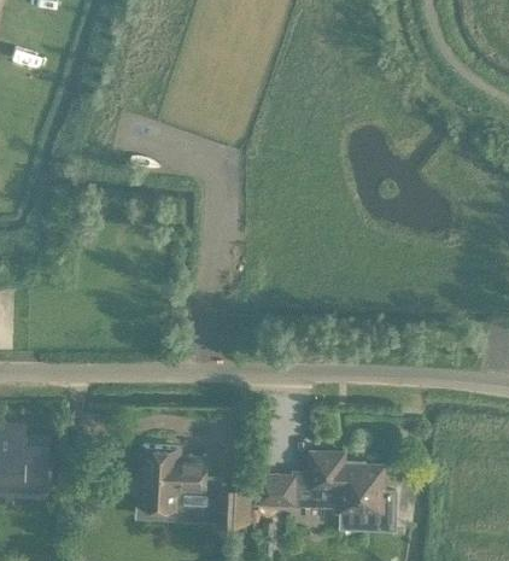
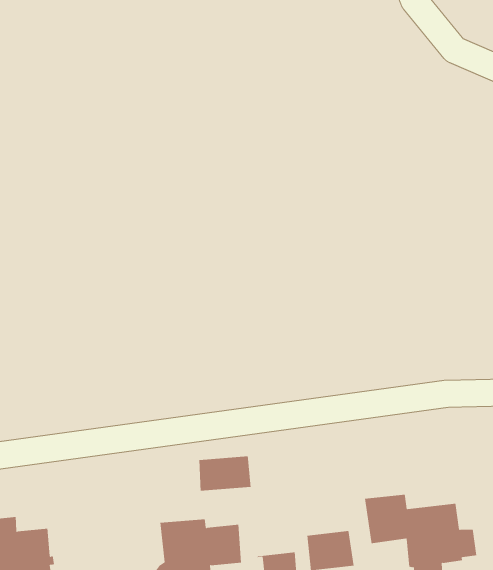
building: none -> [199,455,251,491]

